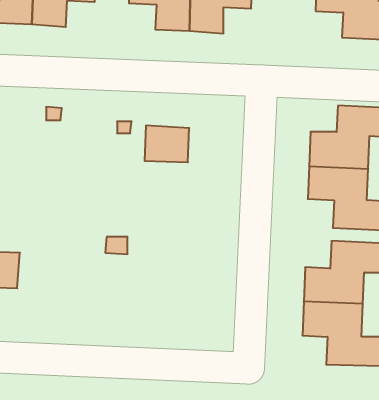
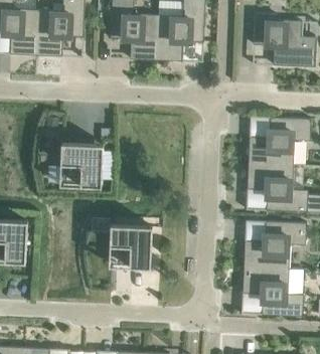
building: [145,125,189,162] -> [67,152,102,180]
building: none -> [117,225,151,262]

